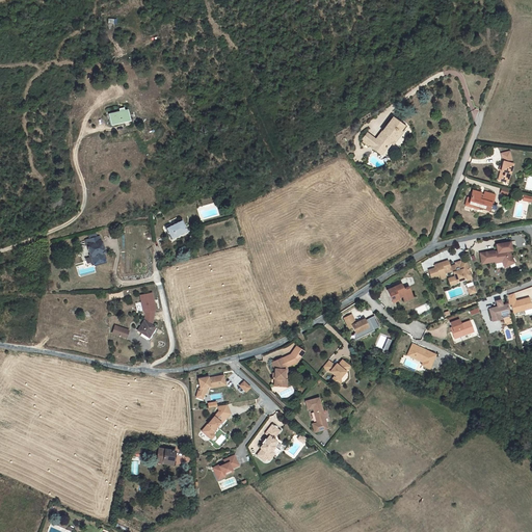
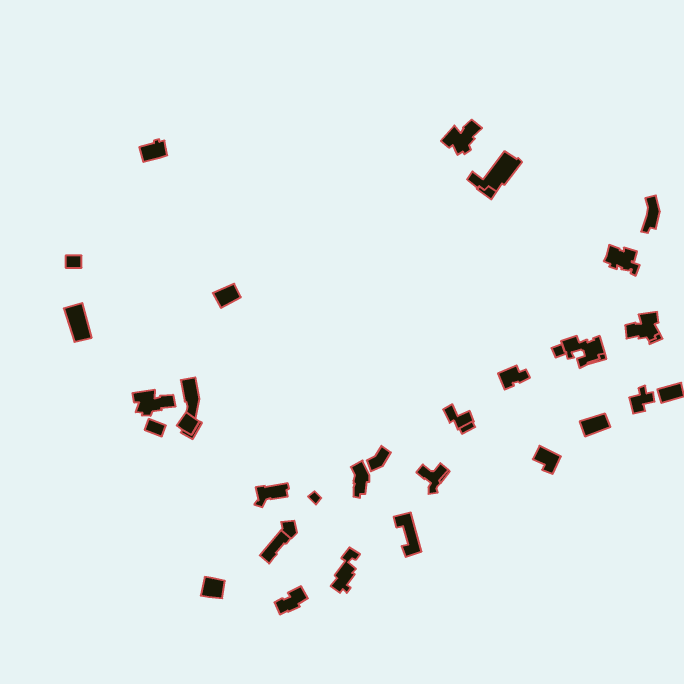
building: none -> [441,120,482,155]
building: [85,236,107,266] -> [64,303,92,342]
building: none -> [133,390,175,416]

